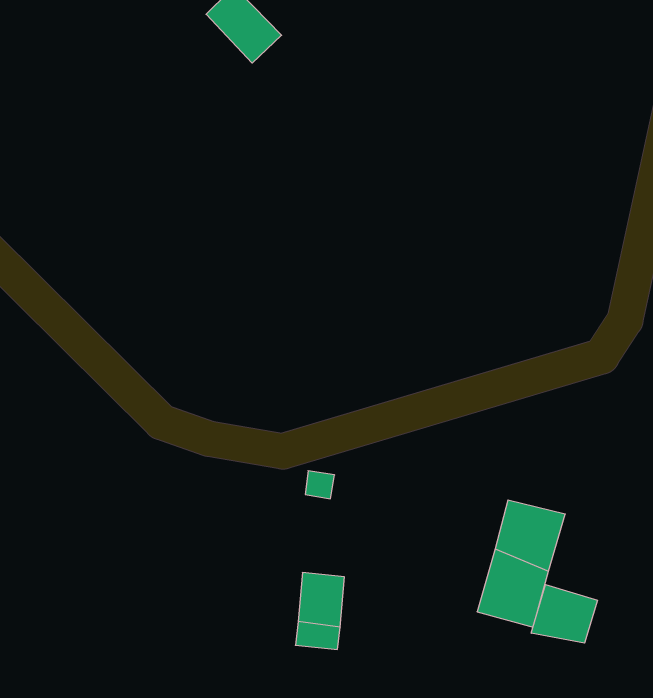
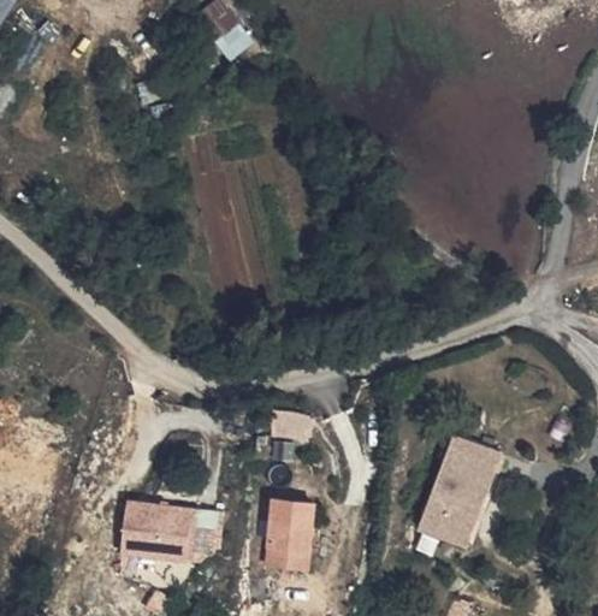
building: none -> [119,503,220,561]
building: [531,585,598,643] -> none

